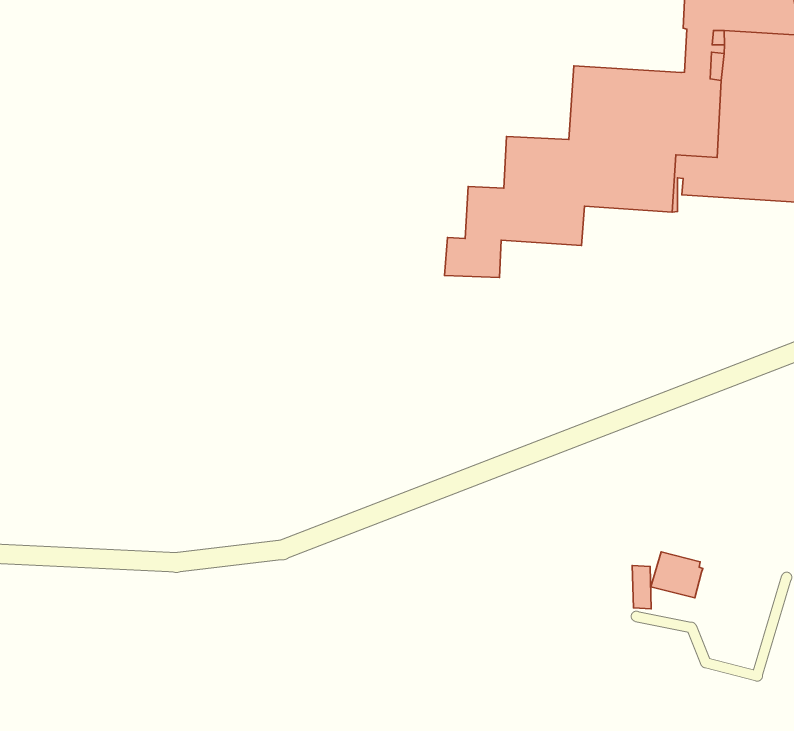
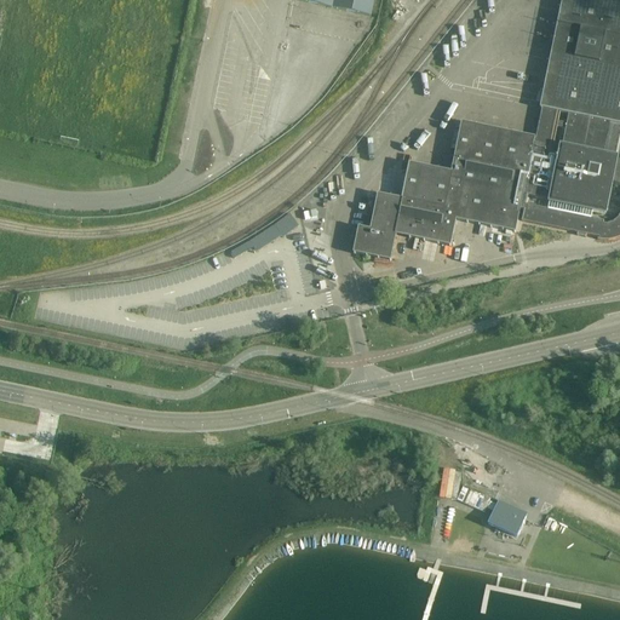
building: [651,552,703,598] -> [488,498,526,533]

